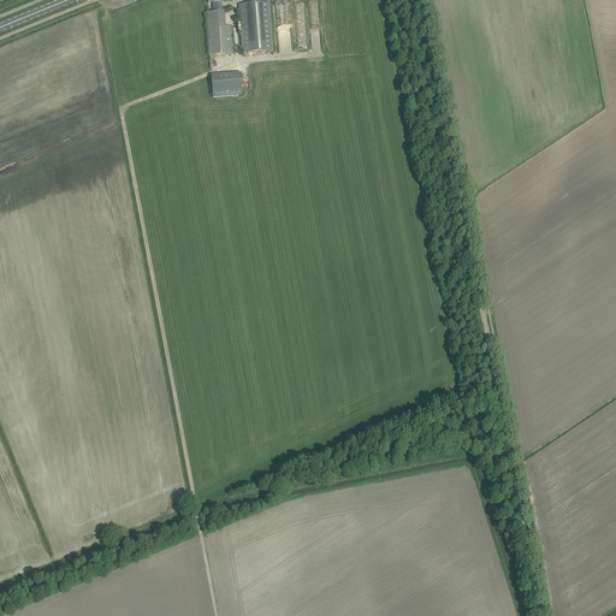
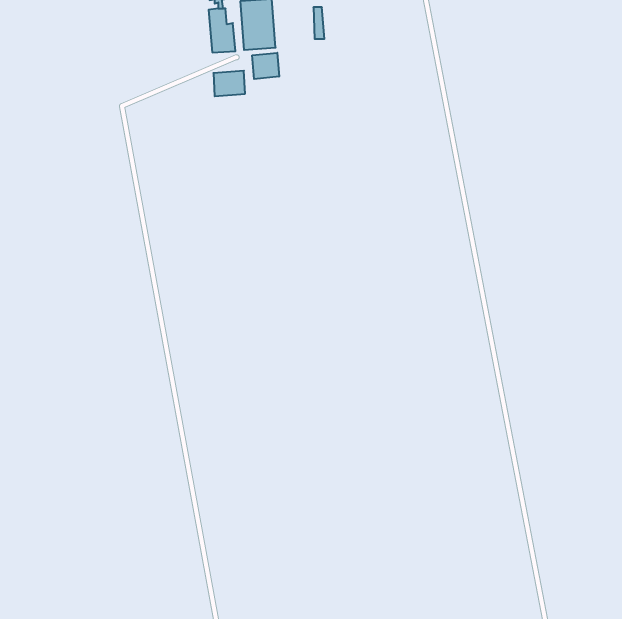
building: none -> [252,53,279,79]

